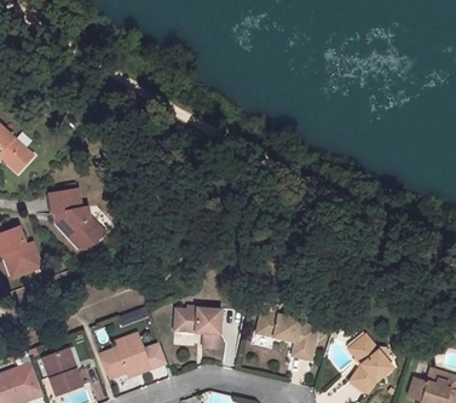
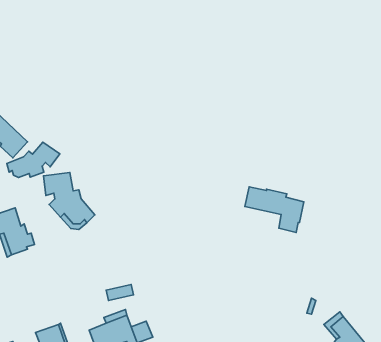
building: none -> [7,142,60,178]
building: [174,307,221,347] -> none
building: [256,311,319,359] -> [245,187,304,233]

